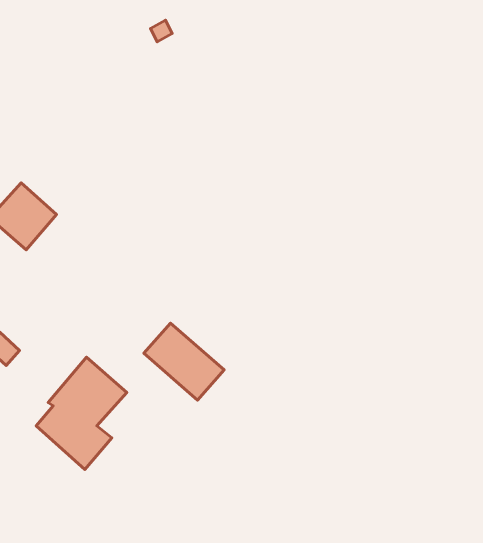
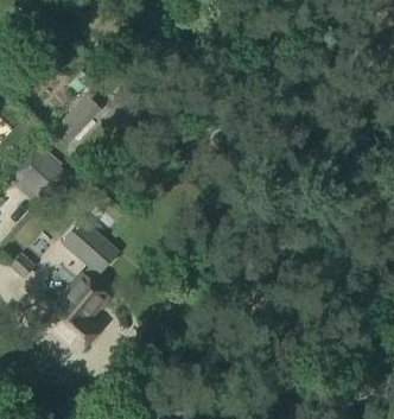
building: [144,323,224,400] -> [63,218,120,273]

